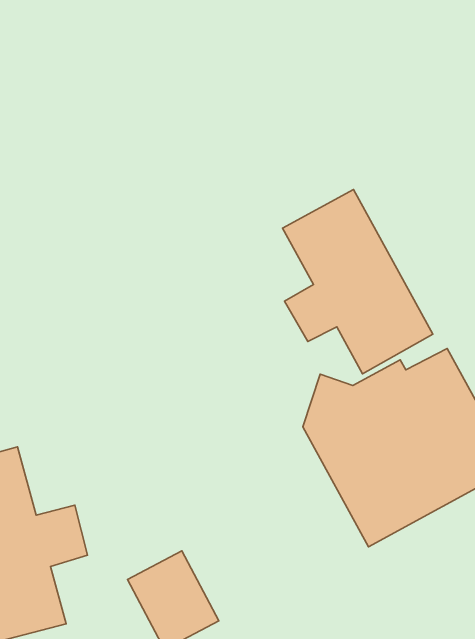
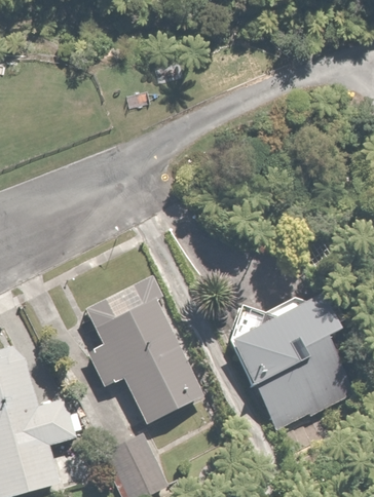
building: [282,189,433,374] -> none
building: none -> [85,275,202,423]

